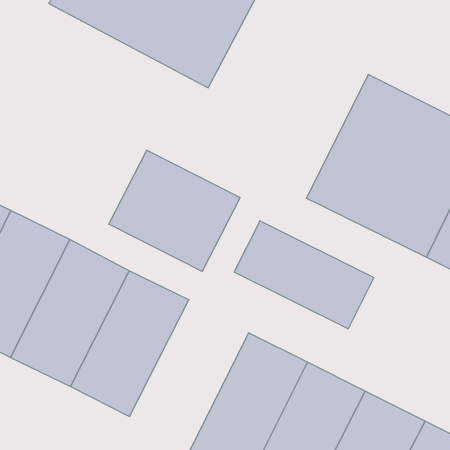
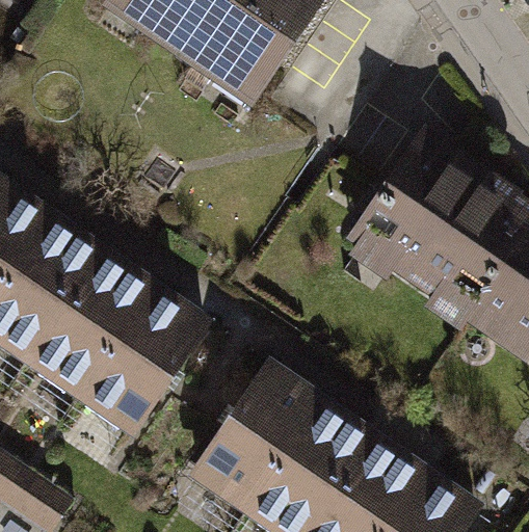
building: [109,150,240,272] -> none
building: [234,221,374,329] -> none

